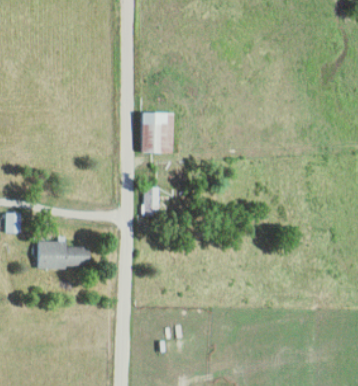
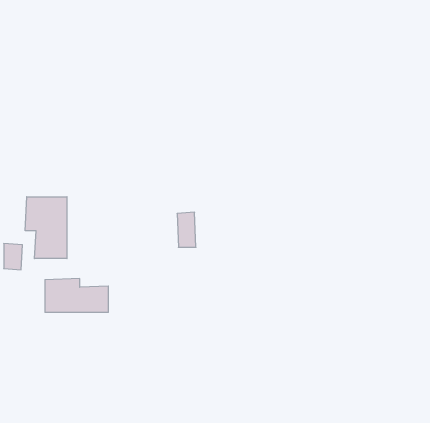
building: [141,112,173,152] -> none
building: none -> [25,197,67,259]

